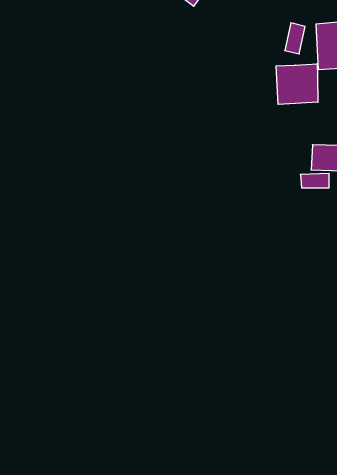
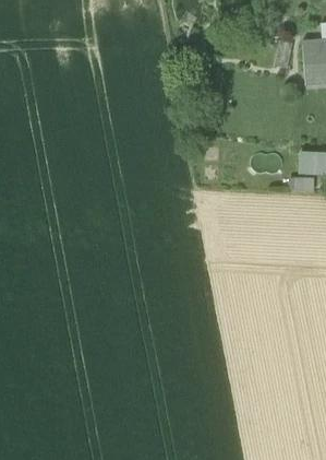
building: [276,64,318,104] -> none

